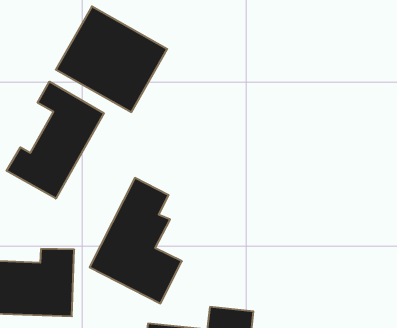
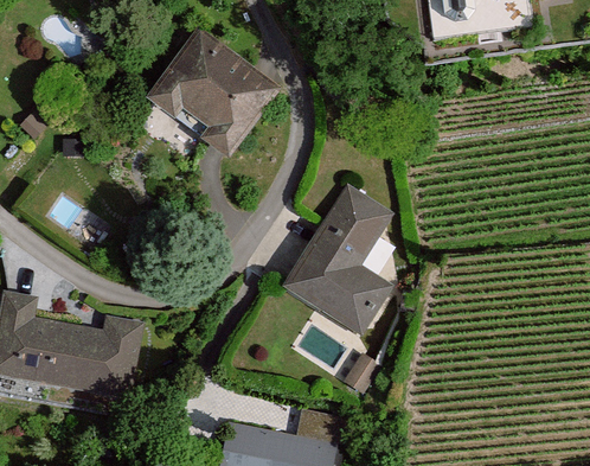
building: [7,82,104,199] -> none
building: [90,178,182,303] -> [282,181,395,337]

